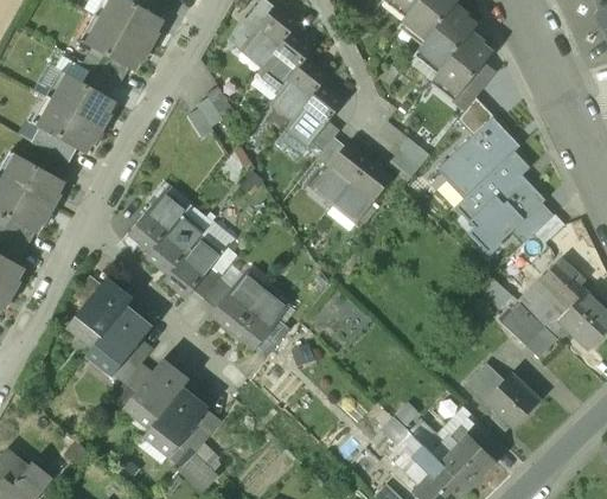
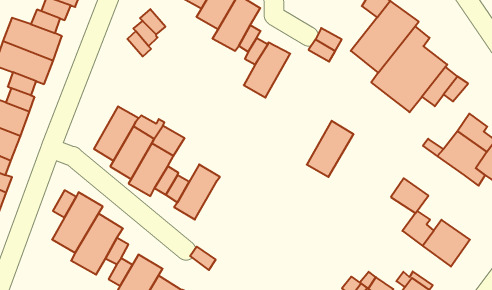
building: [333,160,391,223] -> [307,121,354,177]
building: [232,290,287,348] -> none
building: [501,303,544,345] -> [391,178,428,213]

